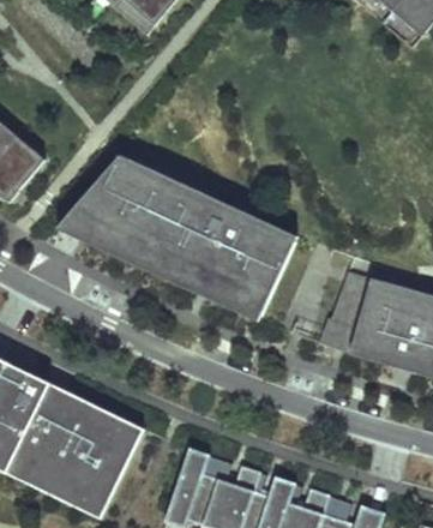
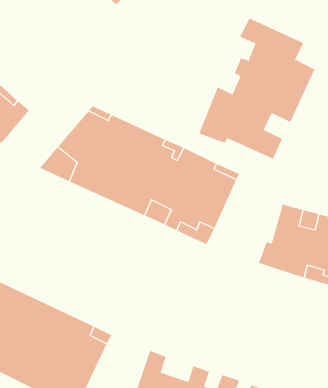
building: none -> [199,18,315,160]

